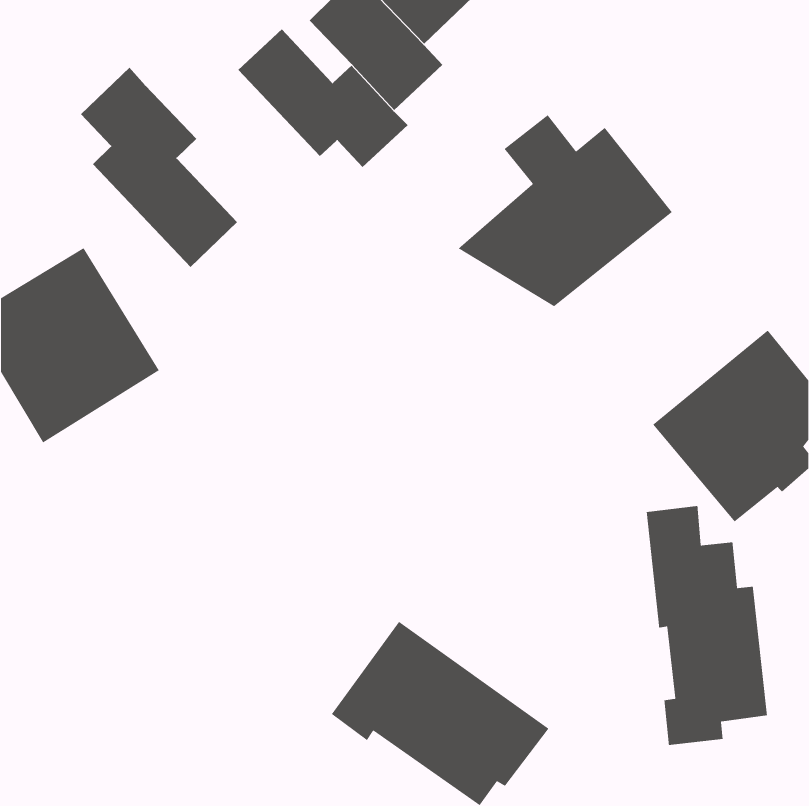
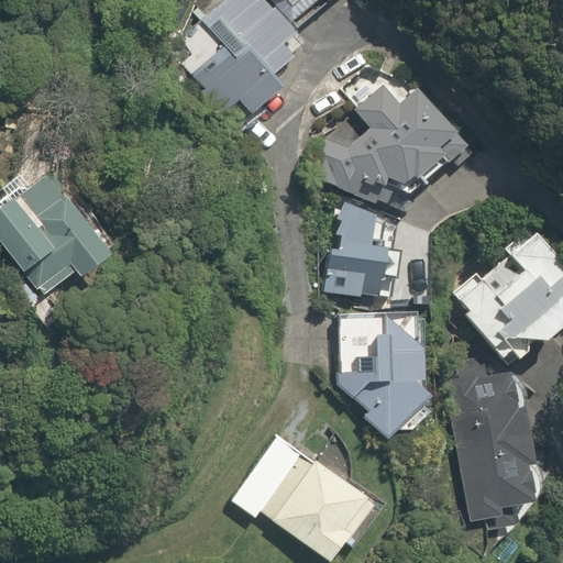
building: [80,67,238,268] -> none
building: none -> [323,210,399,298]
building: none -> [335,314,428,437]

